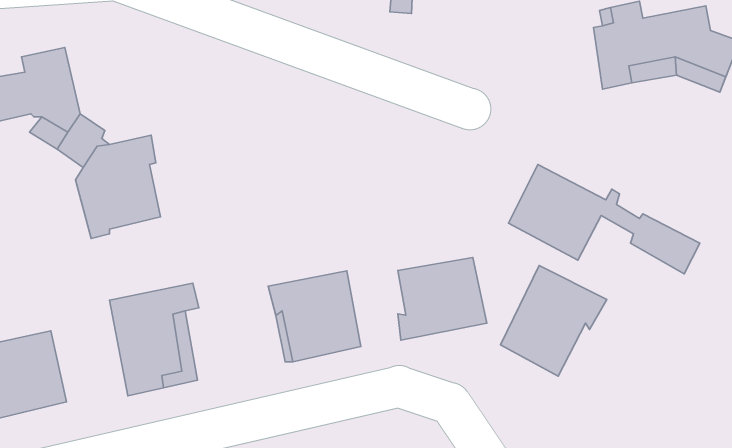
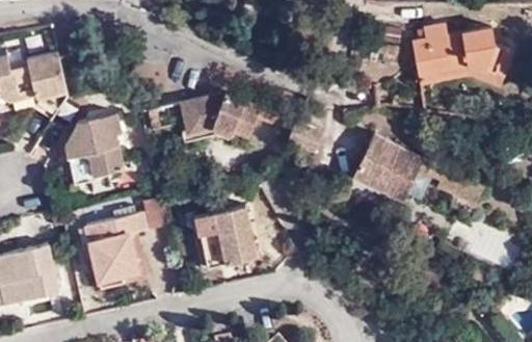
building: none -> [179,93,260,138]
building: [398,258,487,340] -> none
building: [501,266,607,376] -> none

